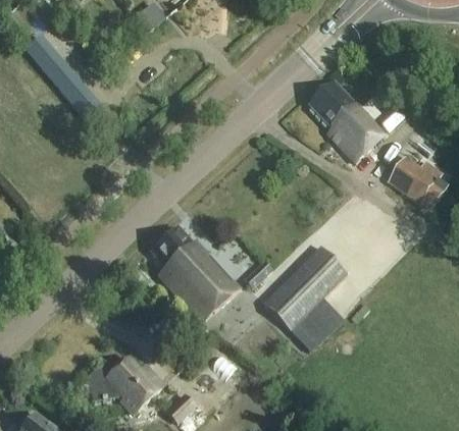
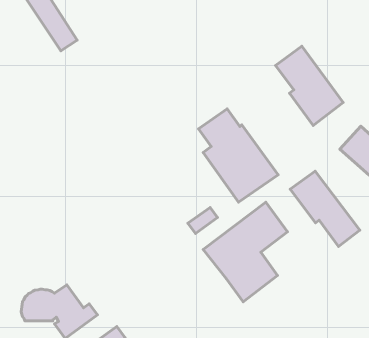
building: none -> [290,171,360,247]
building: [150,225,238,319] -> [199,109,278,202]

